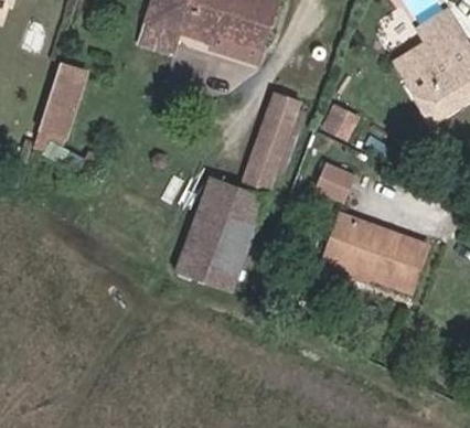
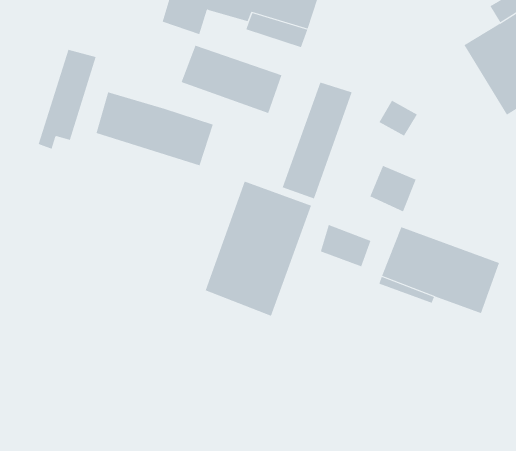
building: none -> [181,45,282,114]
building: none -> [96,91,214,166]
building: none -> [320,224,371,267]

